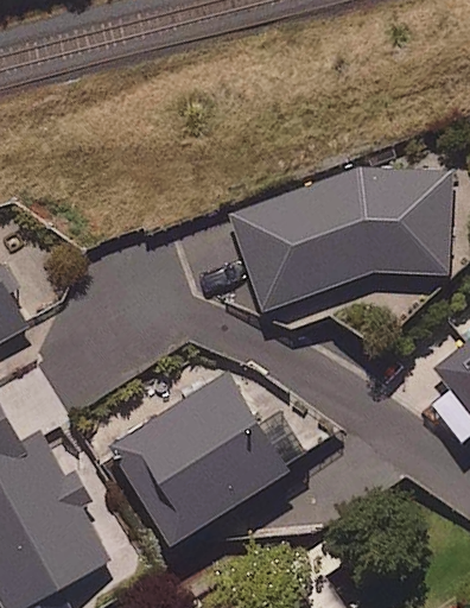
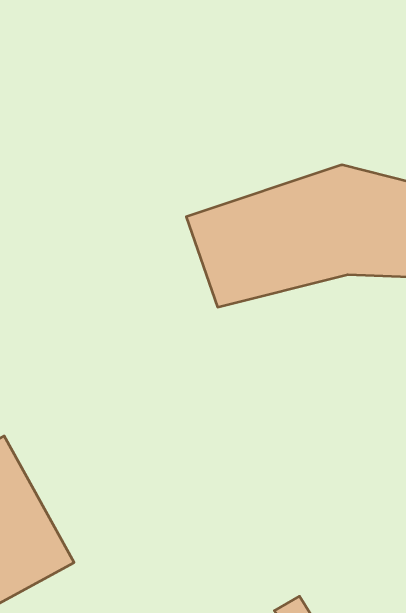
building: [113,368,296,544] -> none

